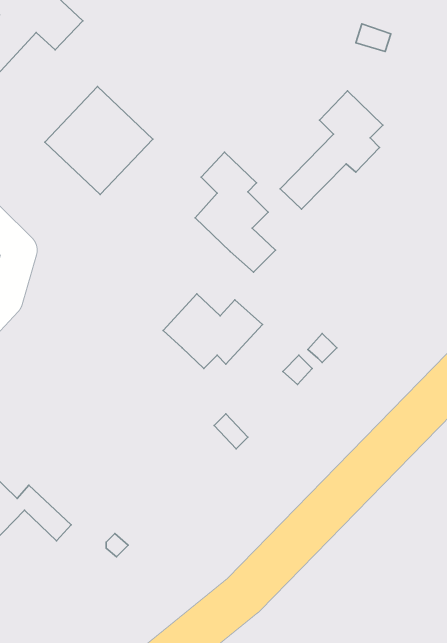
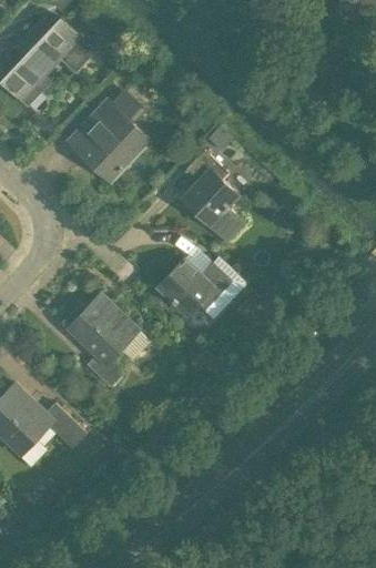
building: [280,91,383,209] -> none
building: none -> [68,294,139,387]

